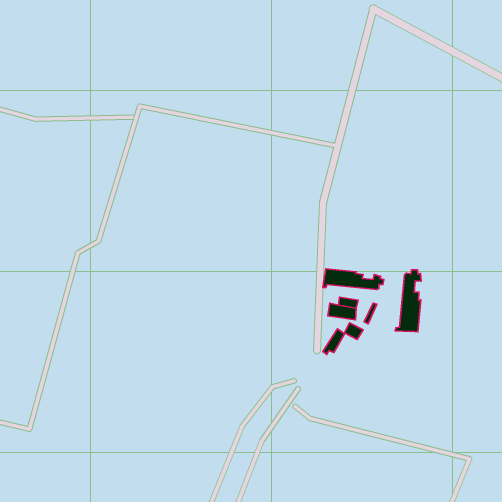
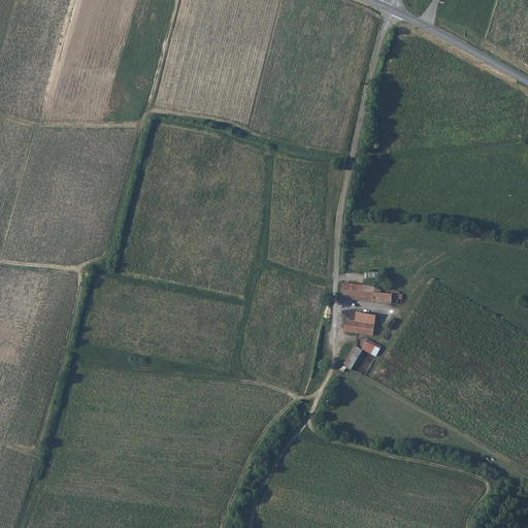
building: [395,270,421,332] -> none

